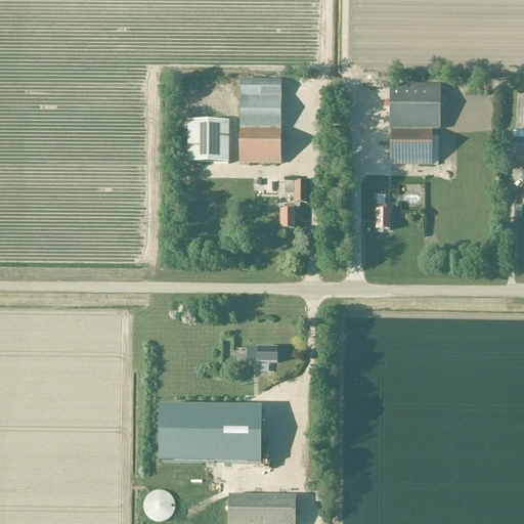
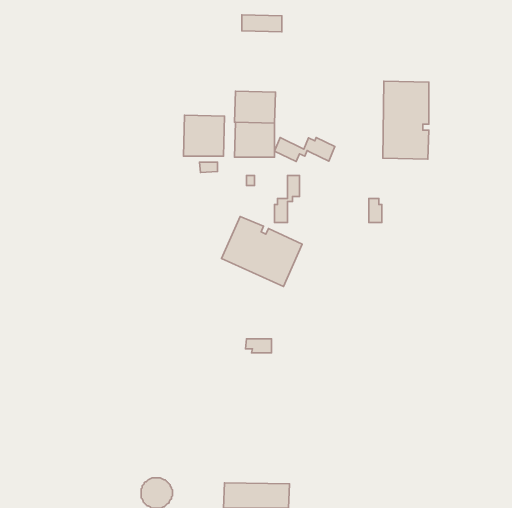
building: [241,77,281,94] -> [242,15,282,32]
building: none -> [275,138,335,162]
building: none -> [221,216,302,286]
building: [160,404,262,462] -> none

